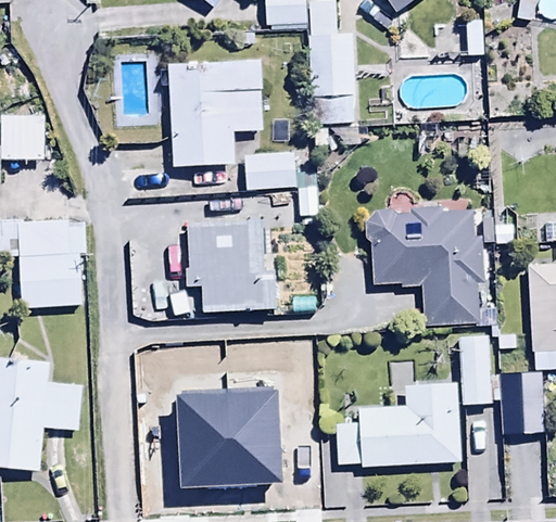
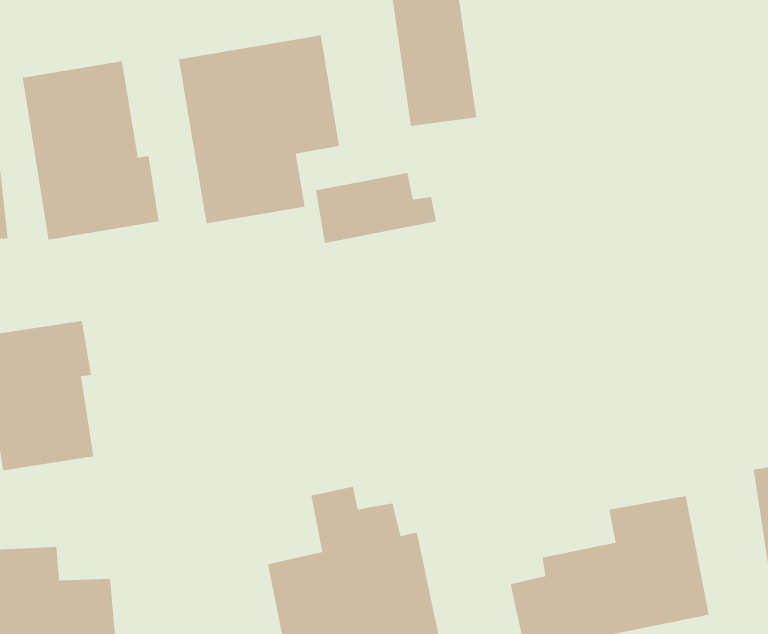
building: none -> [22,61,159,241]
building: [364,206,484,321] -> none
building: [185,217,276,311] -> none
building: [457,334,492,405] -> none

